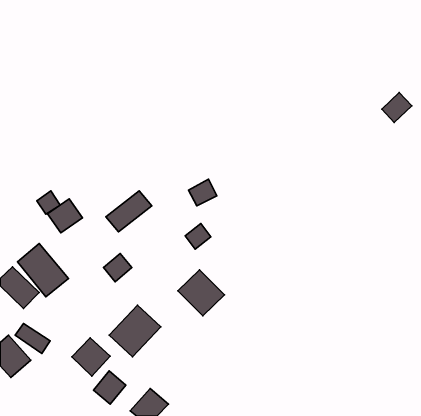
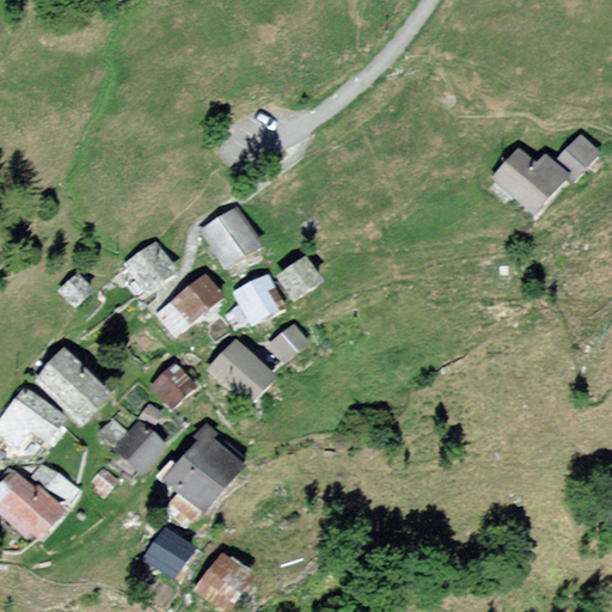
building: none -> [491,140,565,213]
building: none -> [206,207,261,264]
building: none -> [238,273,287,319]
building: [47,199,83,233] -> [127,243,177,292]
building: [178,270,224,316] -> [208,337,275,403]
building: [72,338,110,376] -> [115,422,170,477]

